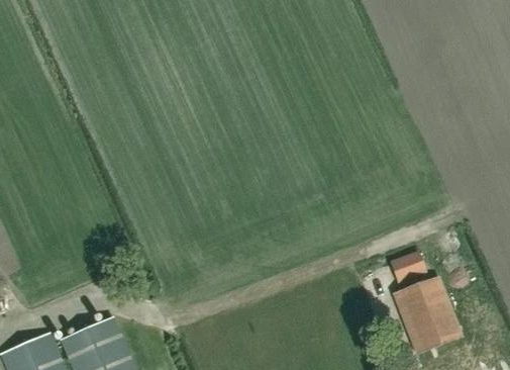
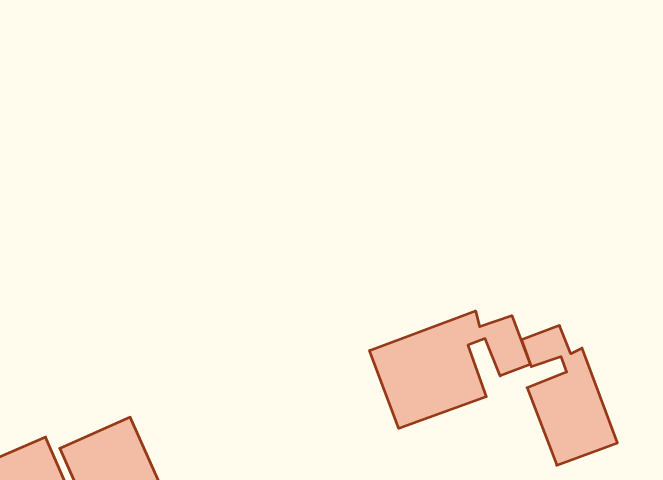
building: none -> [370,311,530,428]

